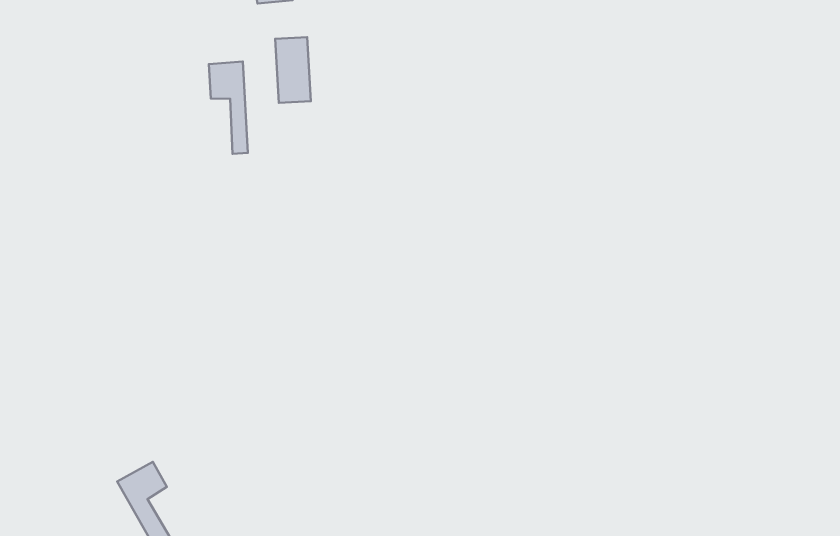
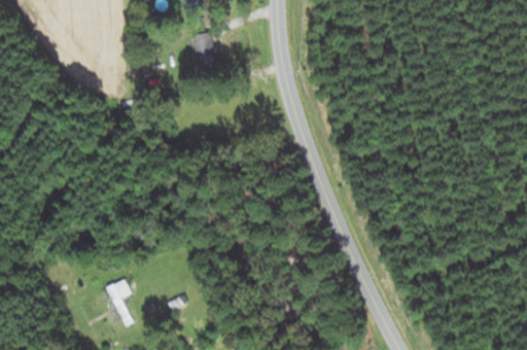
building: [209,61,248,154] -> none

